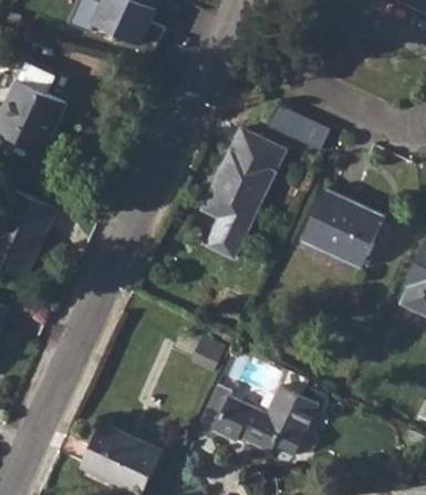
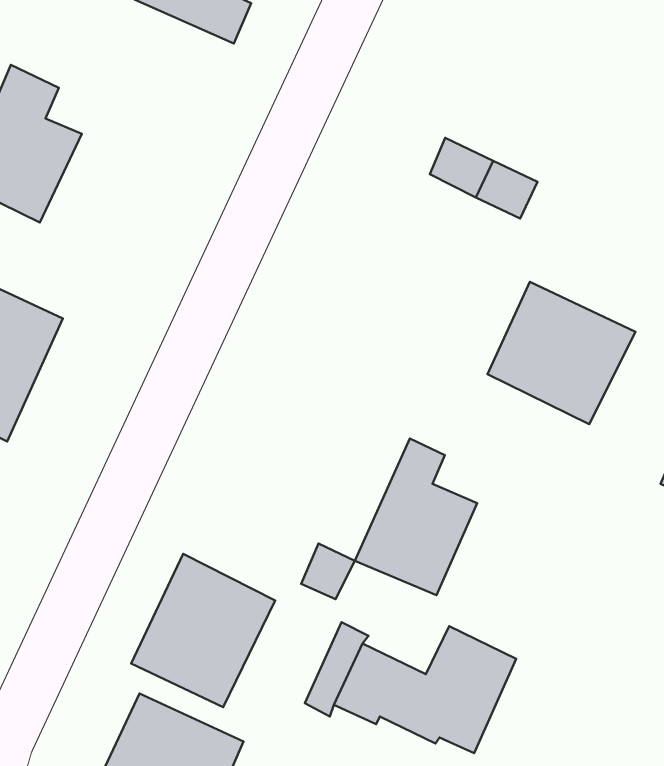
building: [200,127,284,259] -> none
building: none -> [355,439,477,595]
building: none -> [131,554,275,707]

